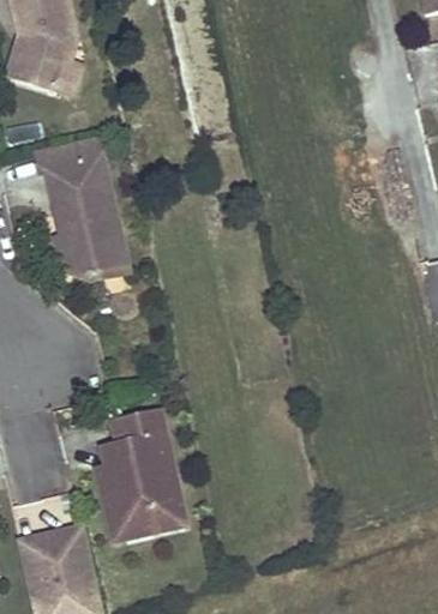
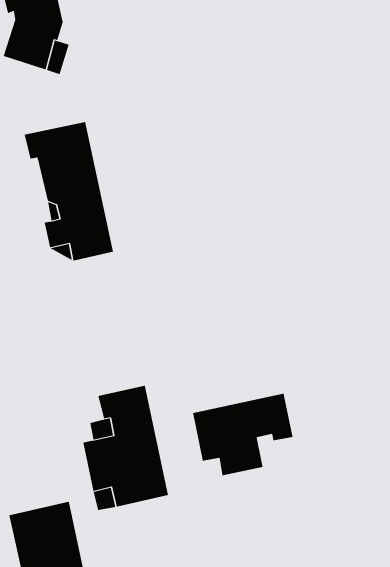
building: none -> [192,393,293,476]

